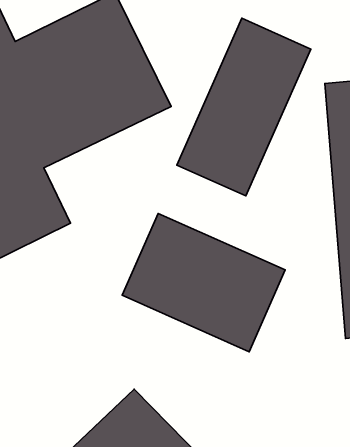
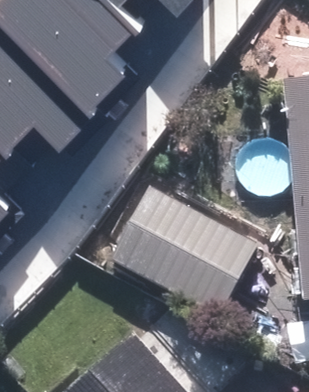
building: [177,18,311,196] -> none

